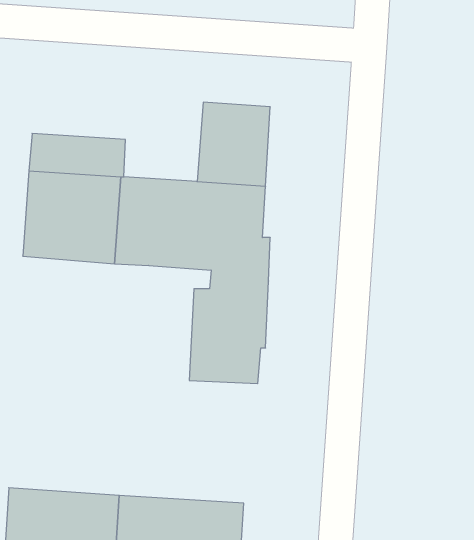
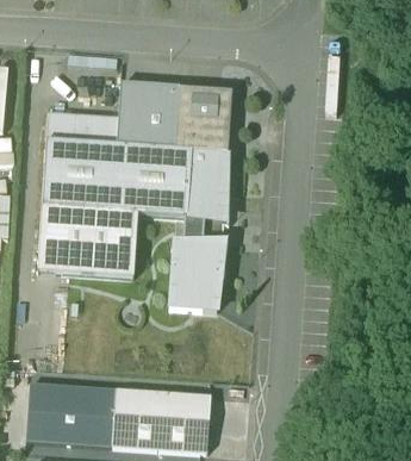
building: none -> [118,74,179,148]
building: none -> [38,205,137,274]

